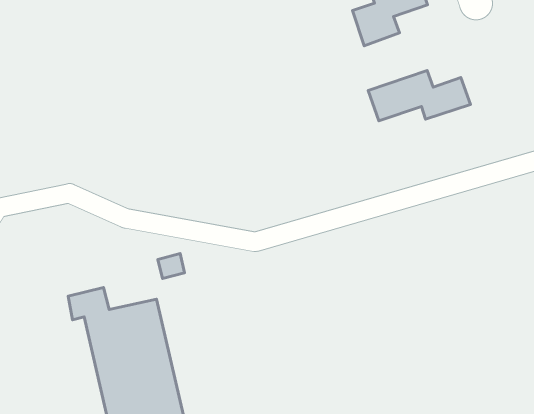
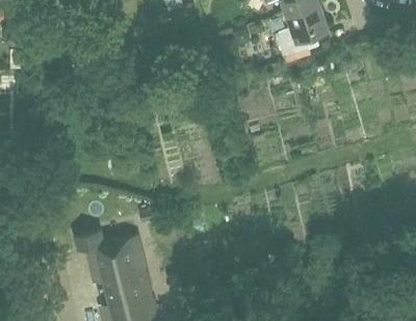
building: [368,70,470,121] -> none

